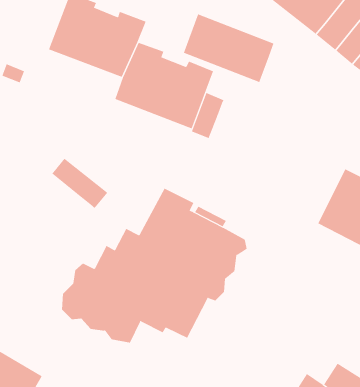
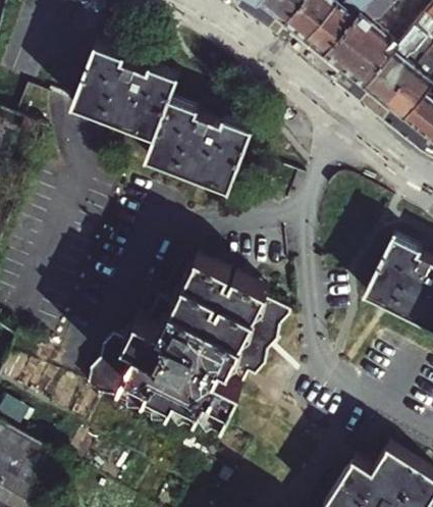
building: [183,14,274,83] -> none
building: [191,92,224,139] -> none
building: [51,158,108,209] -> none

